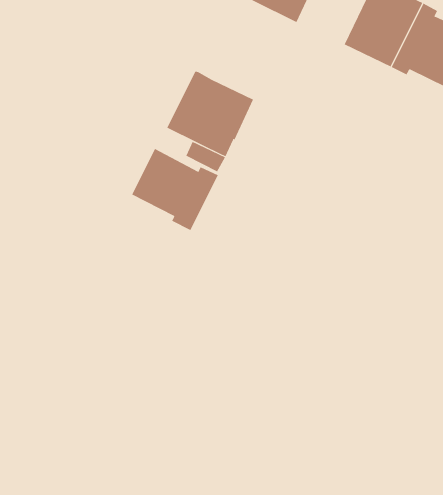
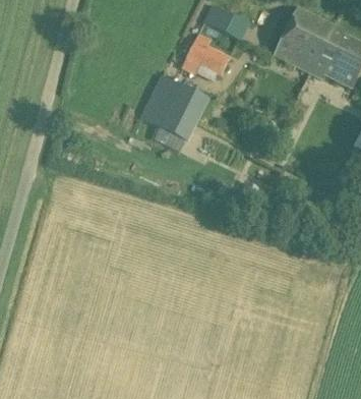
building: none -> [187,32,232,75]
building: [131,148,219,231] -> none

